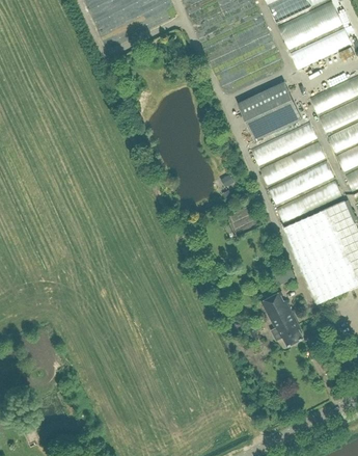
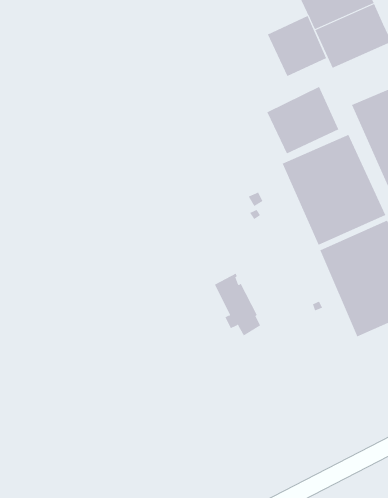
building: none -> [267,15,327,77]
building: [261,291,303,347] -> [214,273,261,336]

